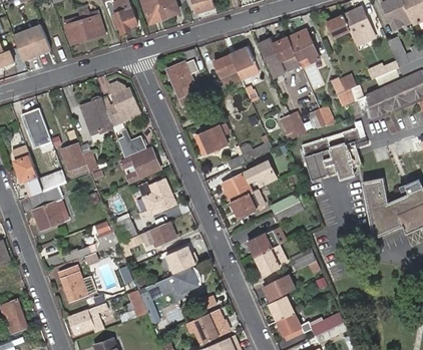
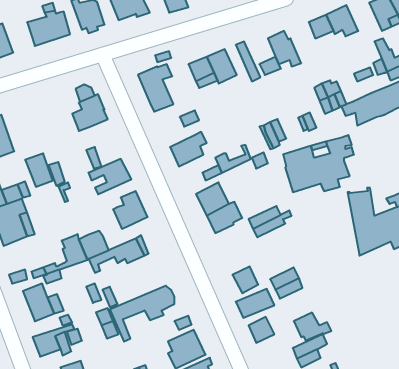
building: [266,37,295,73] -> none
building: [82,98,113,136] -> none
building: [242,158,279,188] -> none
building: [248,229,287,258] -> none
building: [166,246,198,274] -> none
building: [277,313,312,339] -> [294,313,331,341]

